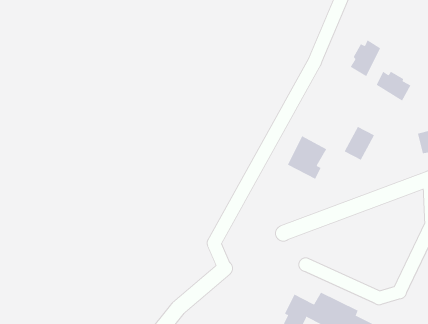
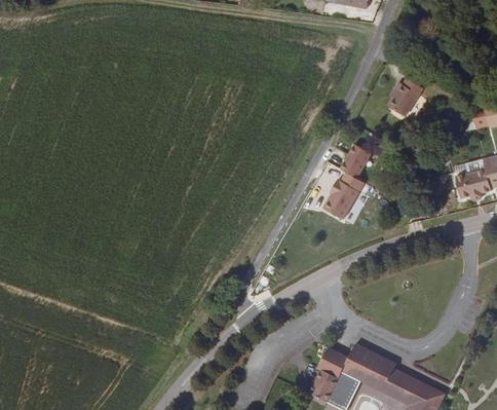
building: [376,71,411,101] -> none
building: [344,126,375,160] -> [338,144,371,180]

